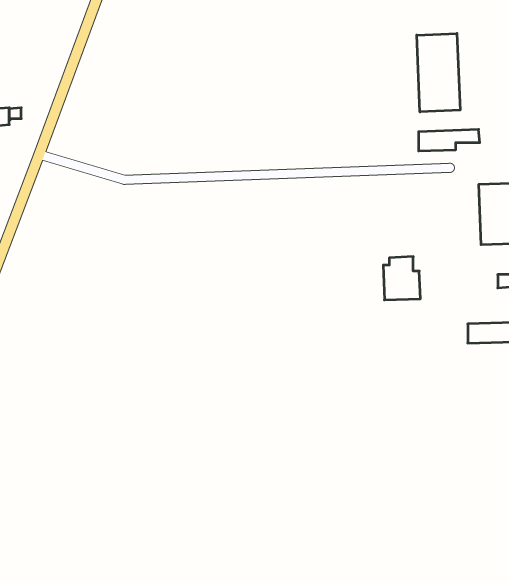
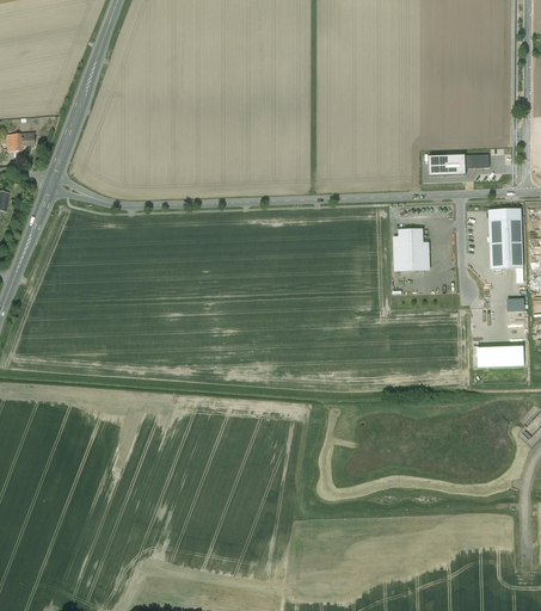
building: [417,33,460,112] -> none
building: [383,257,420,300] -> [393,228,430,271]

